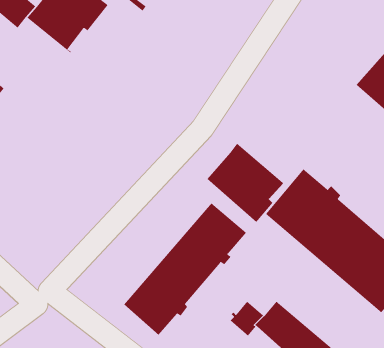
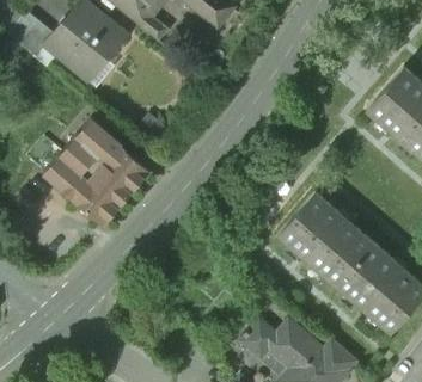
building: none -> [43,119,149,227]
building: [207,143,288,223] -> none
building: [123,202,247,336] -> none

